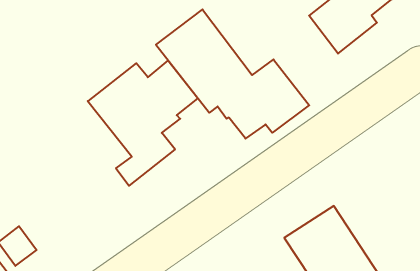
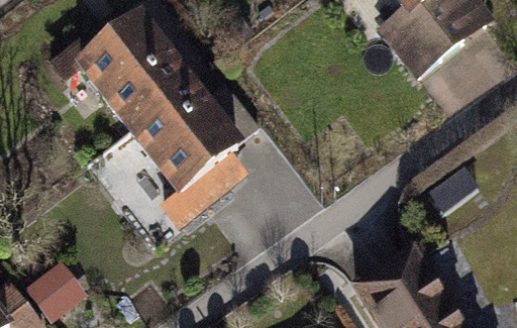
building: none -> [54,23,188,130]
building: [156,9,309,139] -> none

